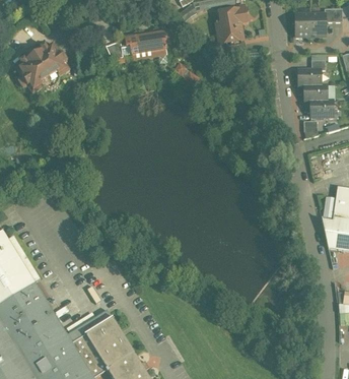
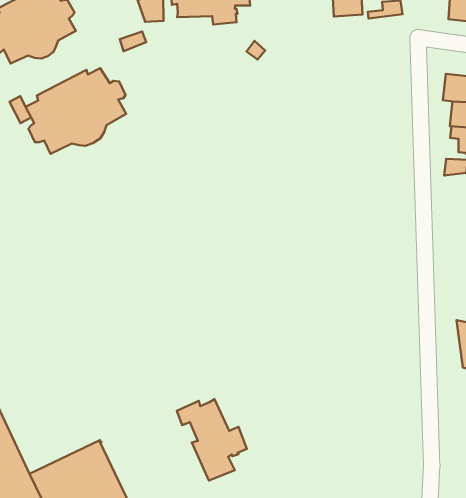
building: none -> [26,68,126,154]
building: none -> [177,399,247,481]

